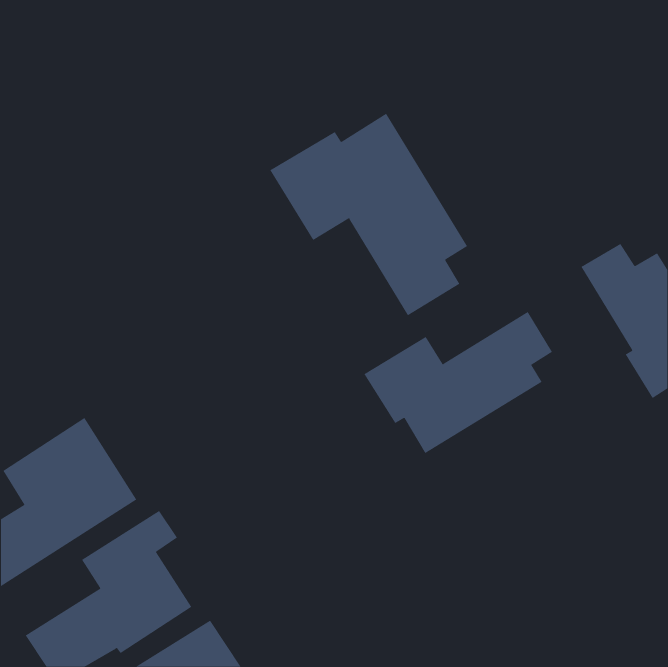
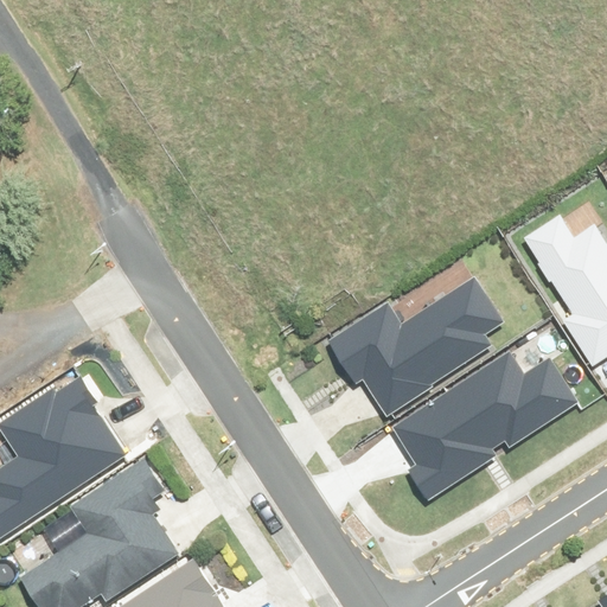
building: [269,113,468,316] -> none
building: none -> [397,359,574,493]

